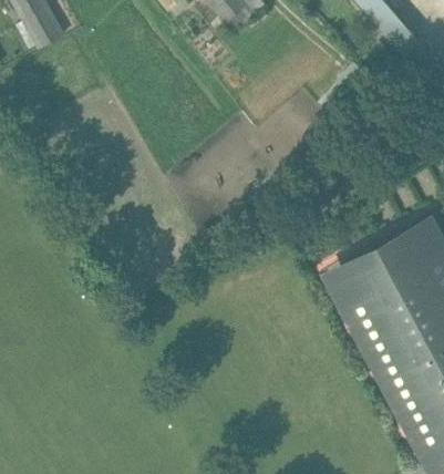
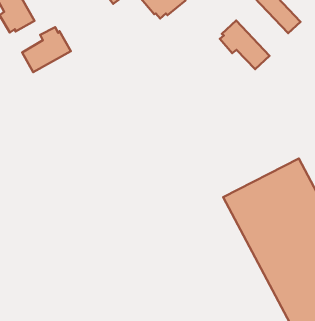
building: none -> [220,21,269,69]
building: none -> [22,27,71,72]

